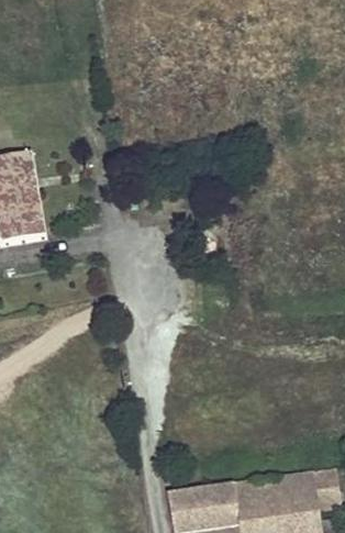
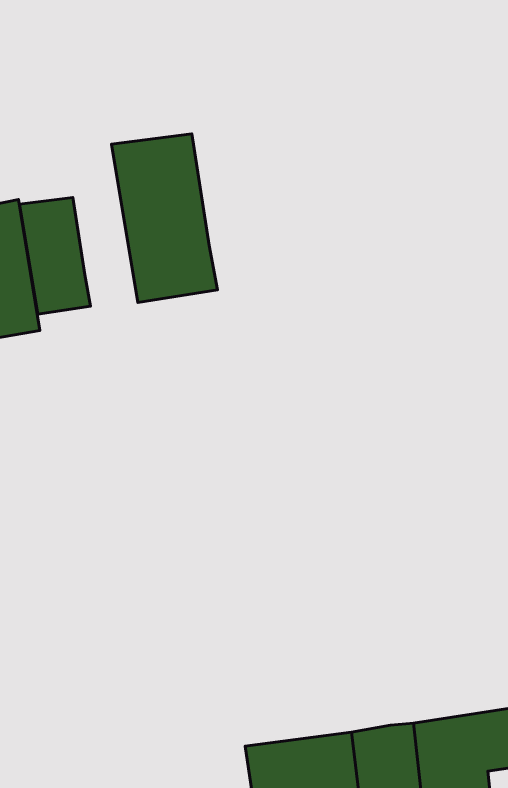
building: none -> [111,134,218,303]
building: none -> [19,197,91,314]

